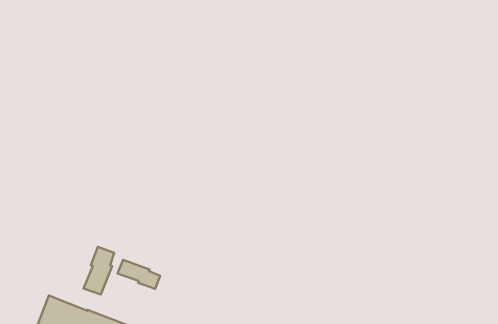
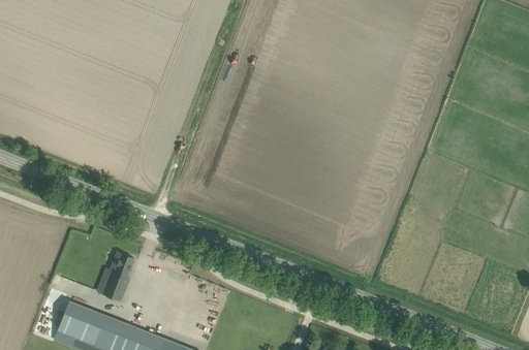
building: [118,260,160,289] -> none

